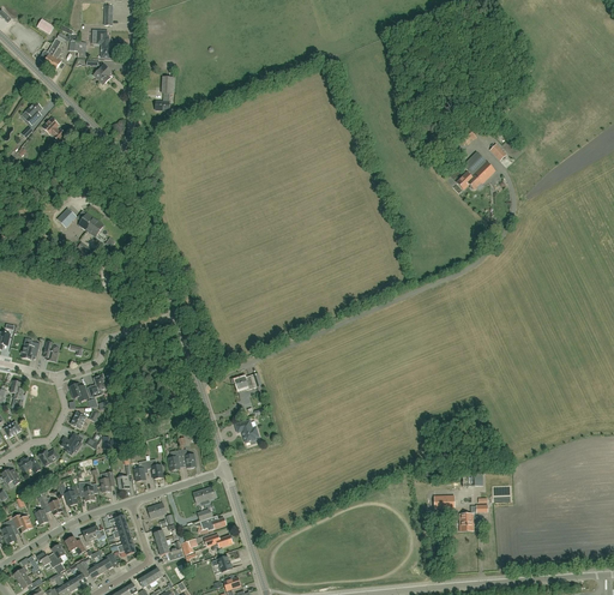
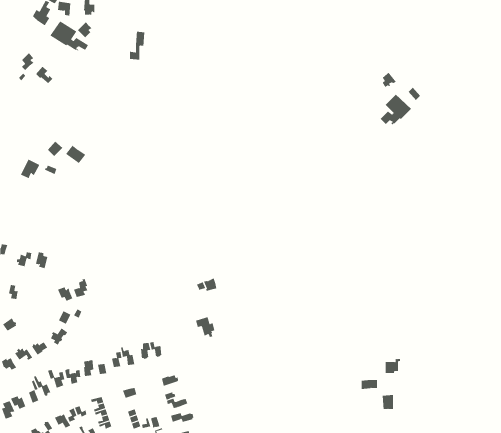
building: none -> [49,20,89,51]

